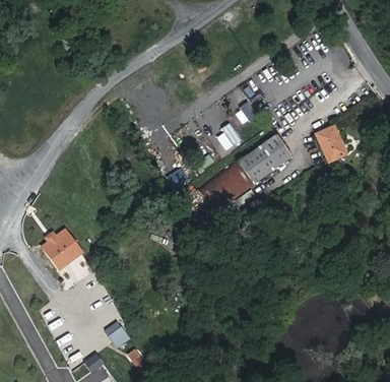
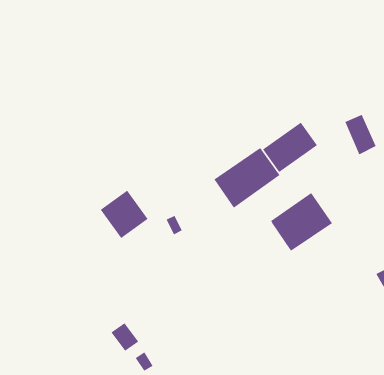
building: none -> [270,192,333,251]
building: [37,224,81,268] -> [100,190,149,239]

